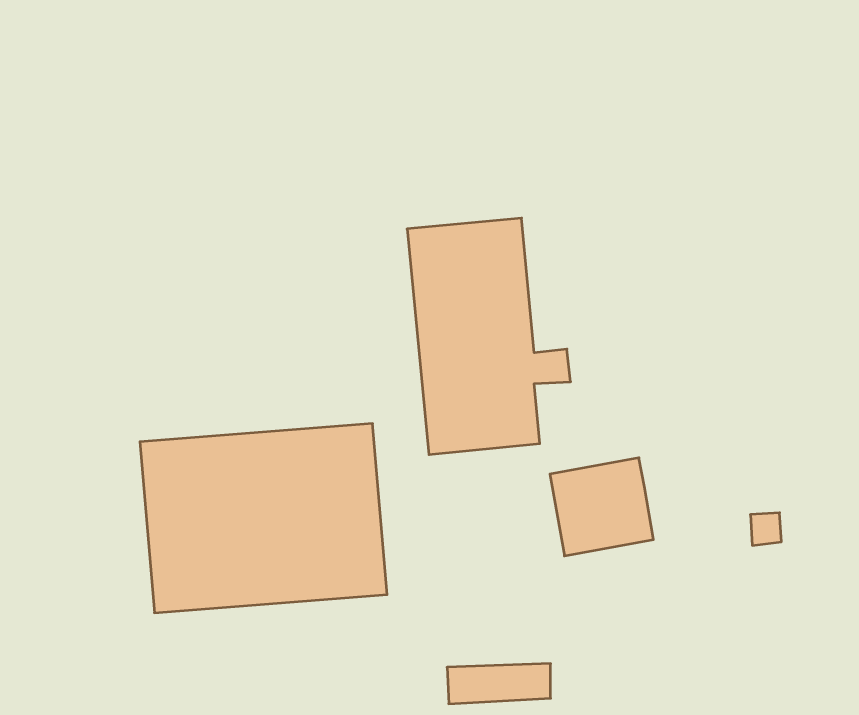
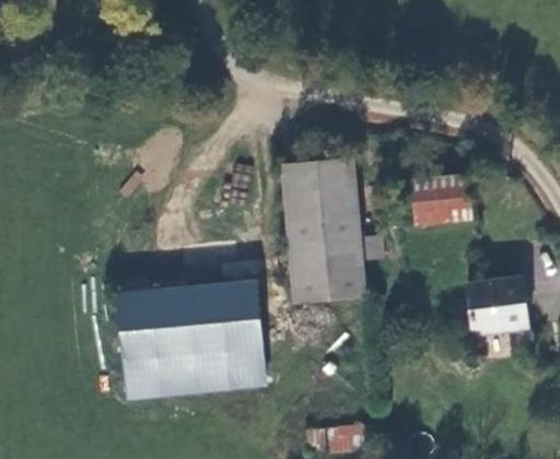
building: none -> [409,177,467,226]
building: [550,458,653,556] -> [464,274,526,333]

